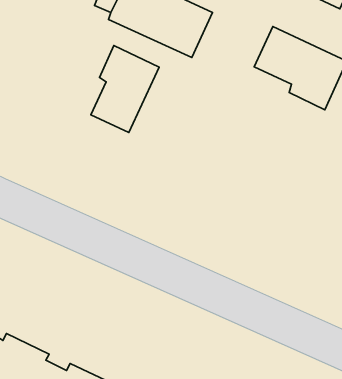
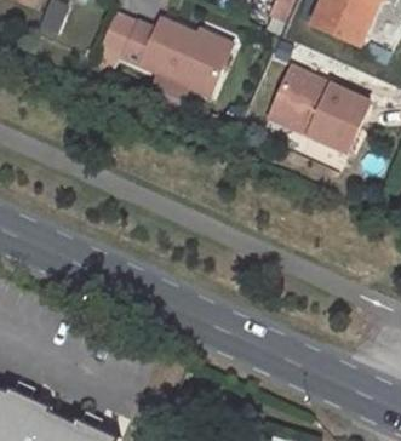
building: [91,45,159,133] -> none

